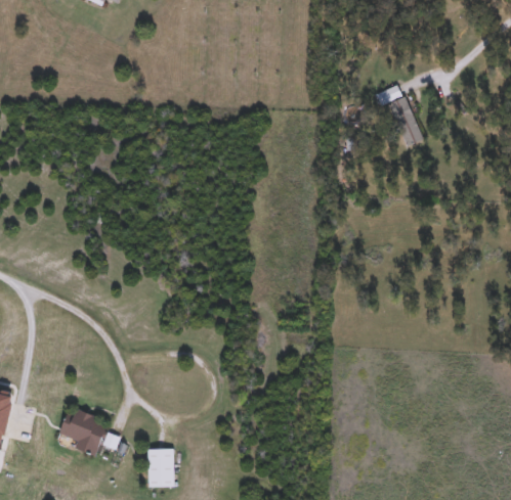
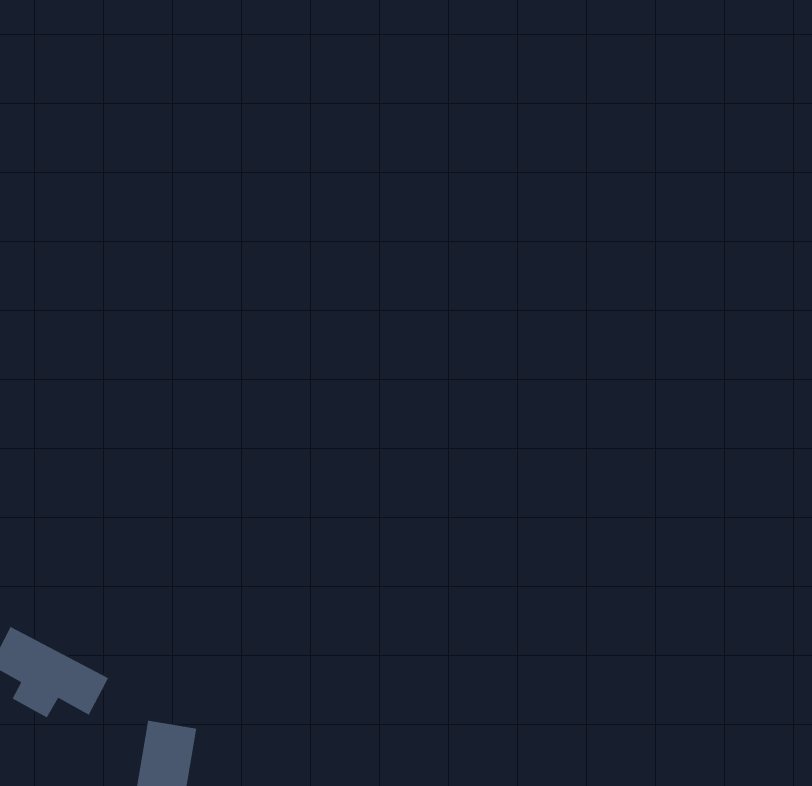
building: [388,95,422,144] -> none

